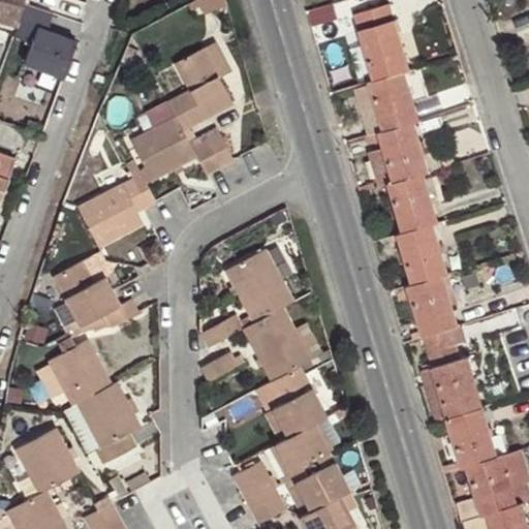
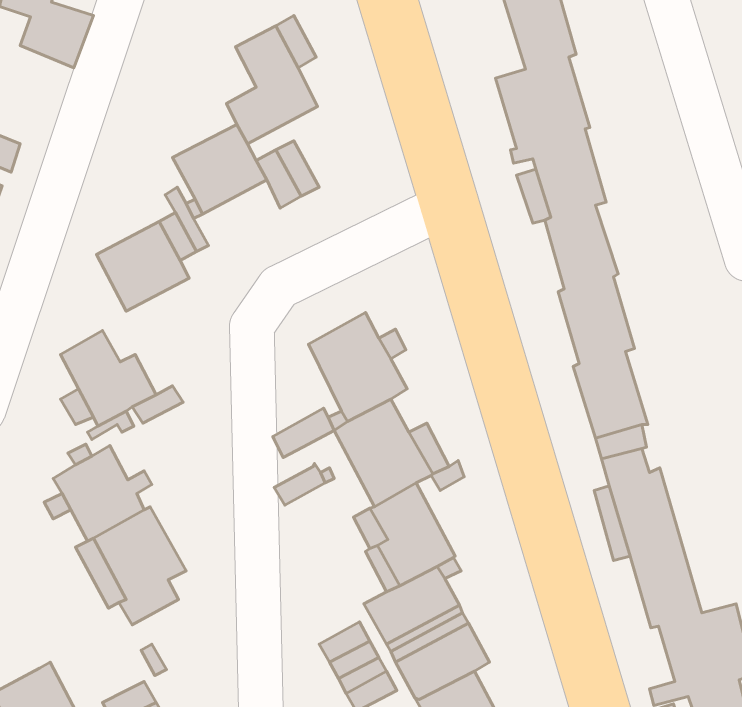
building: [17,431,79,494] -> none

